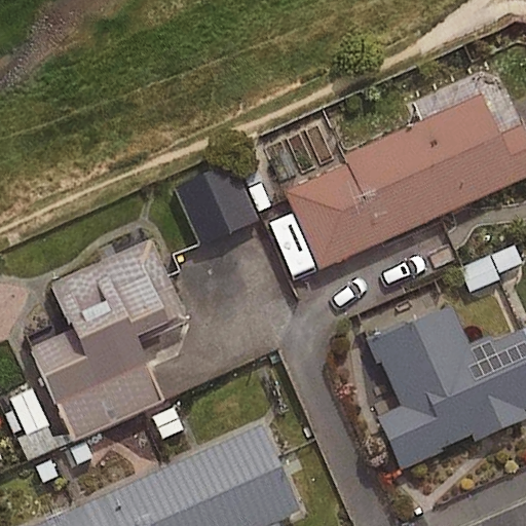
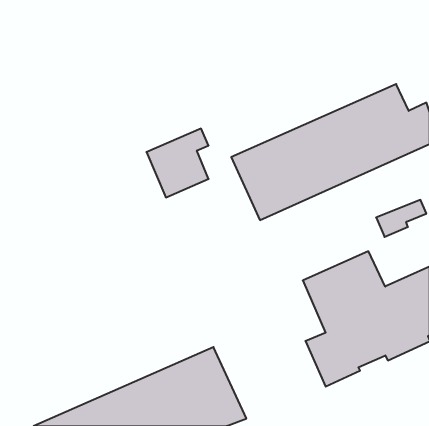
building: [32,238,187,440] -> none

